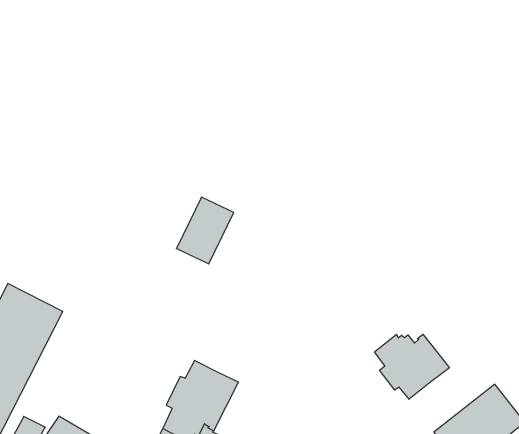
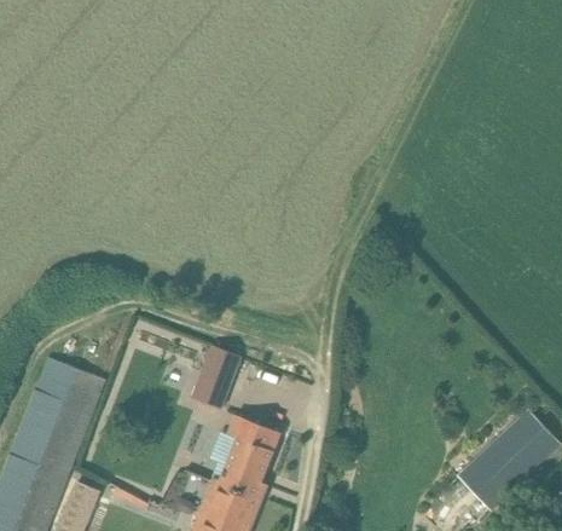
building: [176,197,234,264] -> [190,347,242,411]
building: [375,334,449,399] -> none

